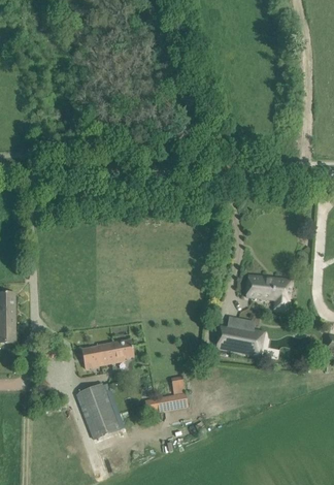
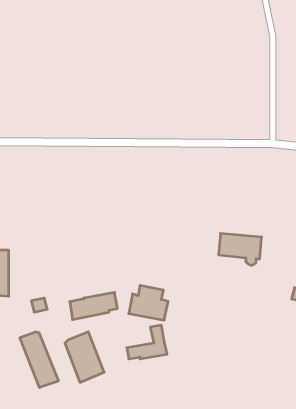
building: [216,317,260,355] -> [129,285,168,320]
building: none -> [20,332,58,388]

